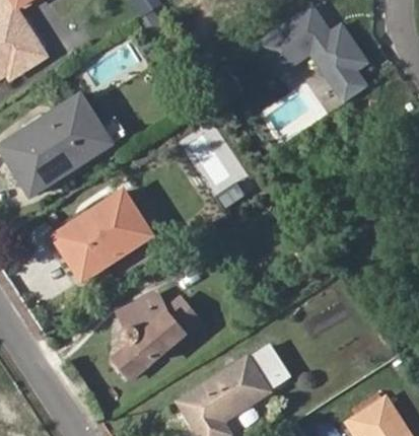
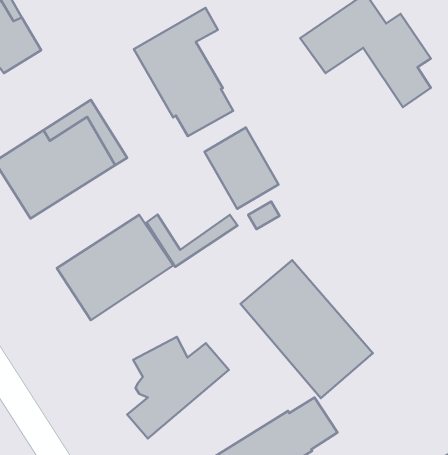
building: none -> [134,8,233,136]
building: none -> [147,215,237,267]
building: none -> [241,260,373,398]

